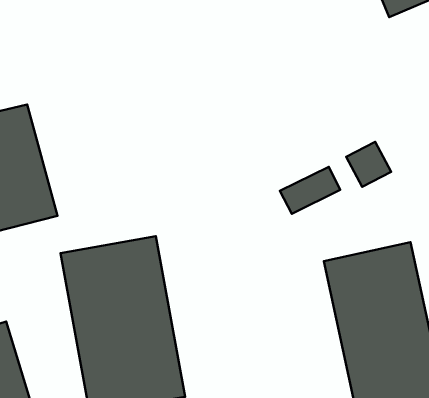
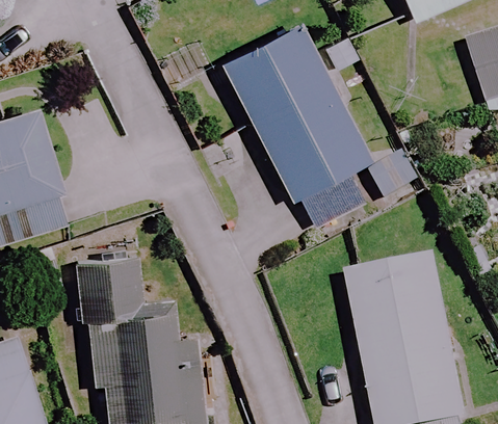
building: none -> [218,21,370,202]

